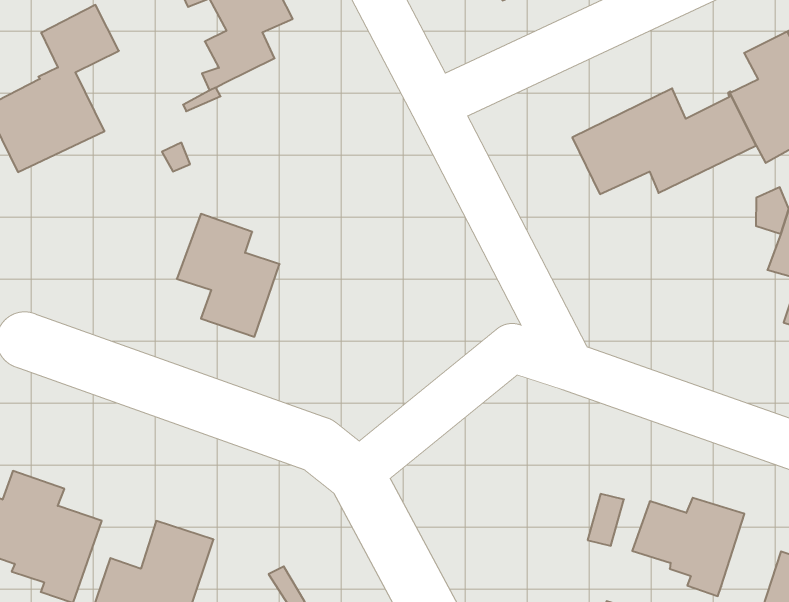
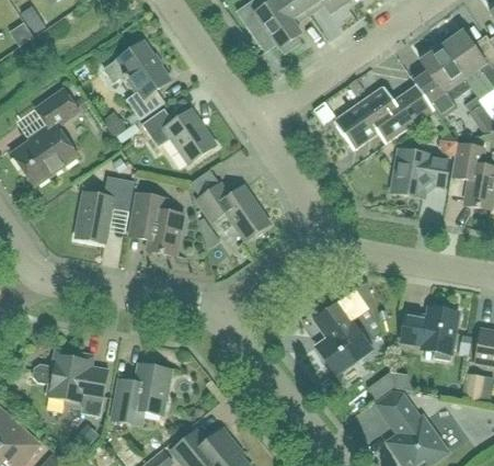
building: none -> [141,107,216,163]
building: none -> [74,175,134,242]
building: none -> [393,145,449,196]
building: none -> [196,182,269,240]
building: none -> [313,302,371,374]

